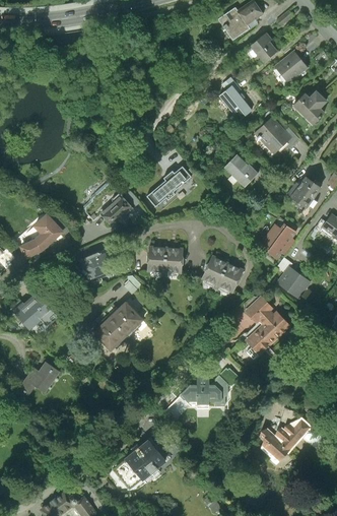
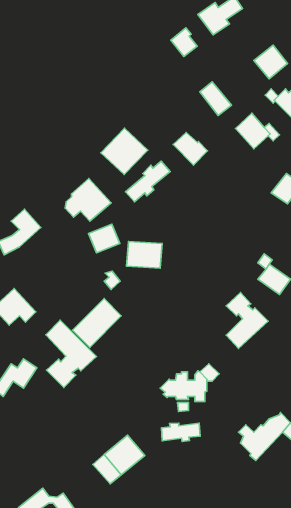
building: [252,34,278,62] -> [171,28,197,56]
building: none -> [101,128,148,175]
building: [224,155,259,188] -> [173,132,208,165]
building: [260,224,295,258] -> none
building: [80,251,112,279] -> [88,224,120,253]
building: [202,256,243,292] -> none
building: none -> [46,320,96,388]
building: none -> [161,423,200,441]

